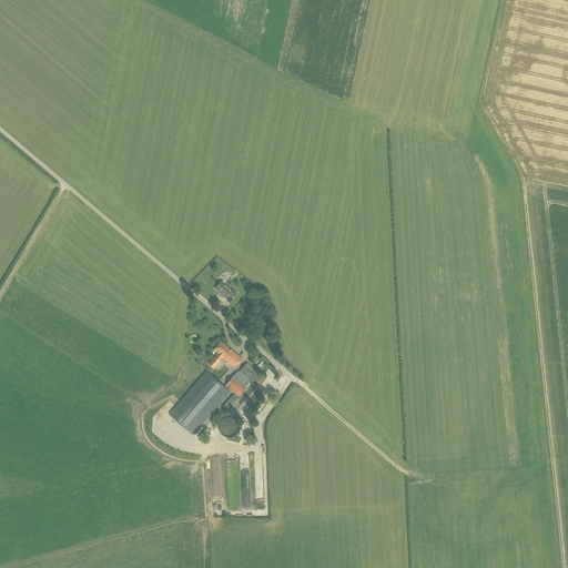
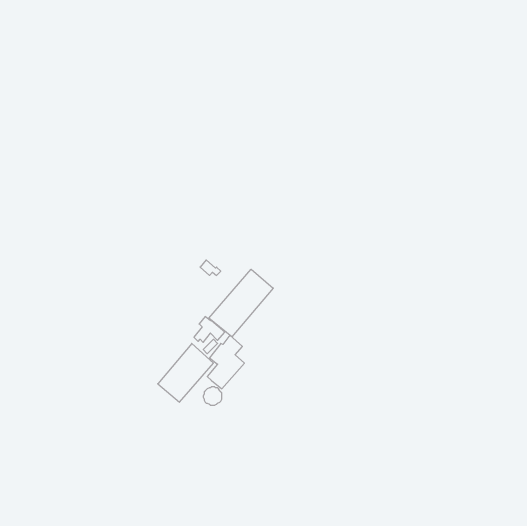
building: none -> [209,269,273,337]

